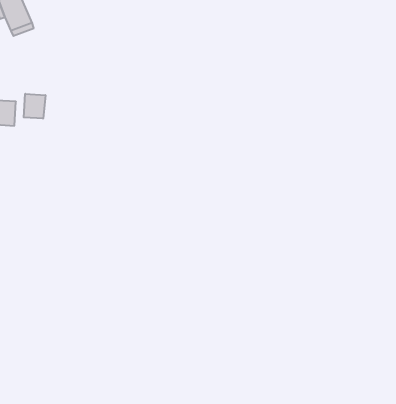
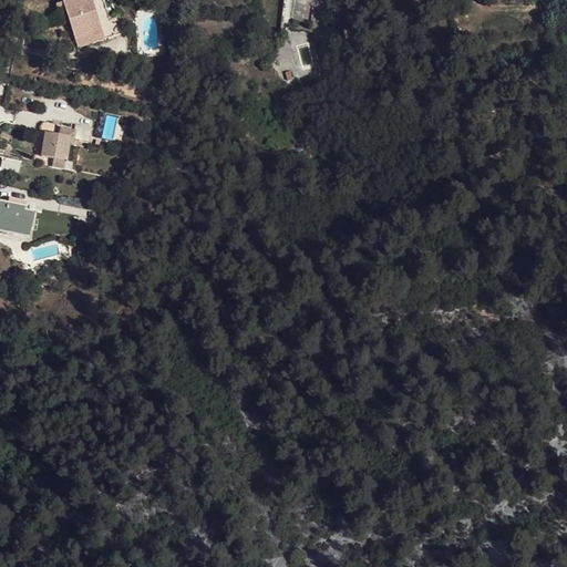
building: [24,94,45,119] -> none

